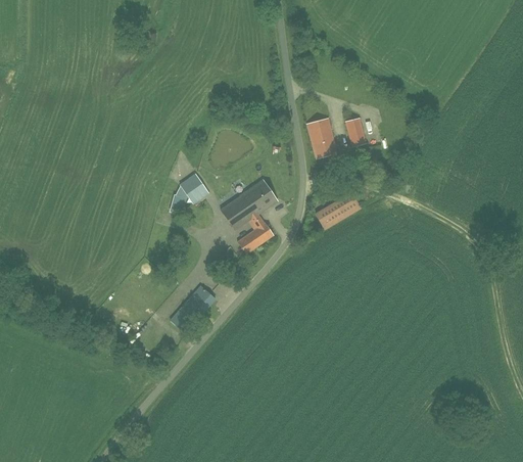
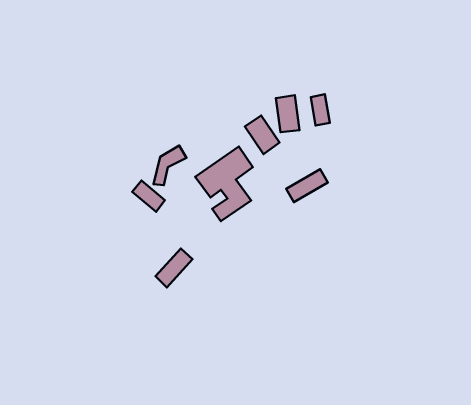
building: none -> [245,116,280,154]
building: none -> [132,181,165,212]

